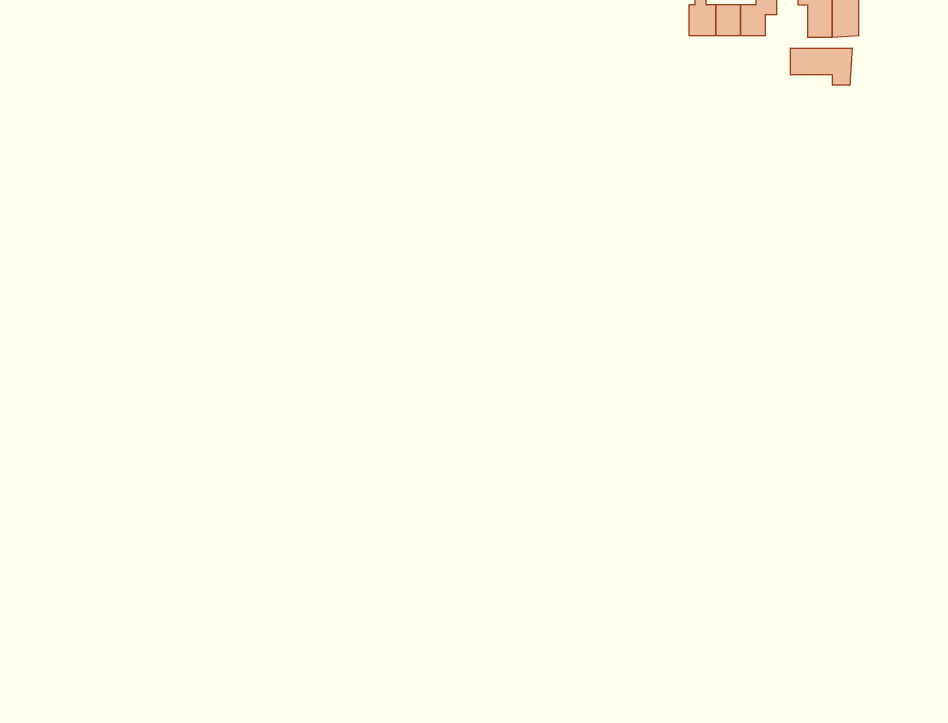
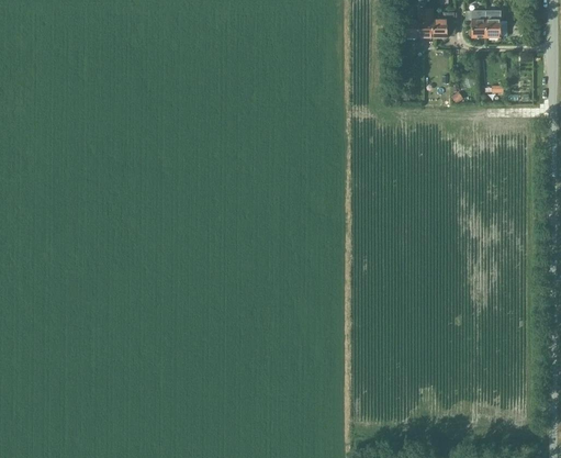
building: [790,48,852,85] -> none

